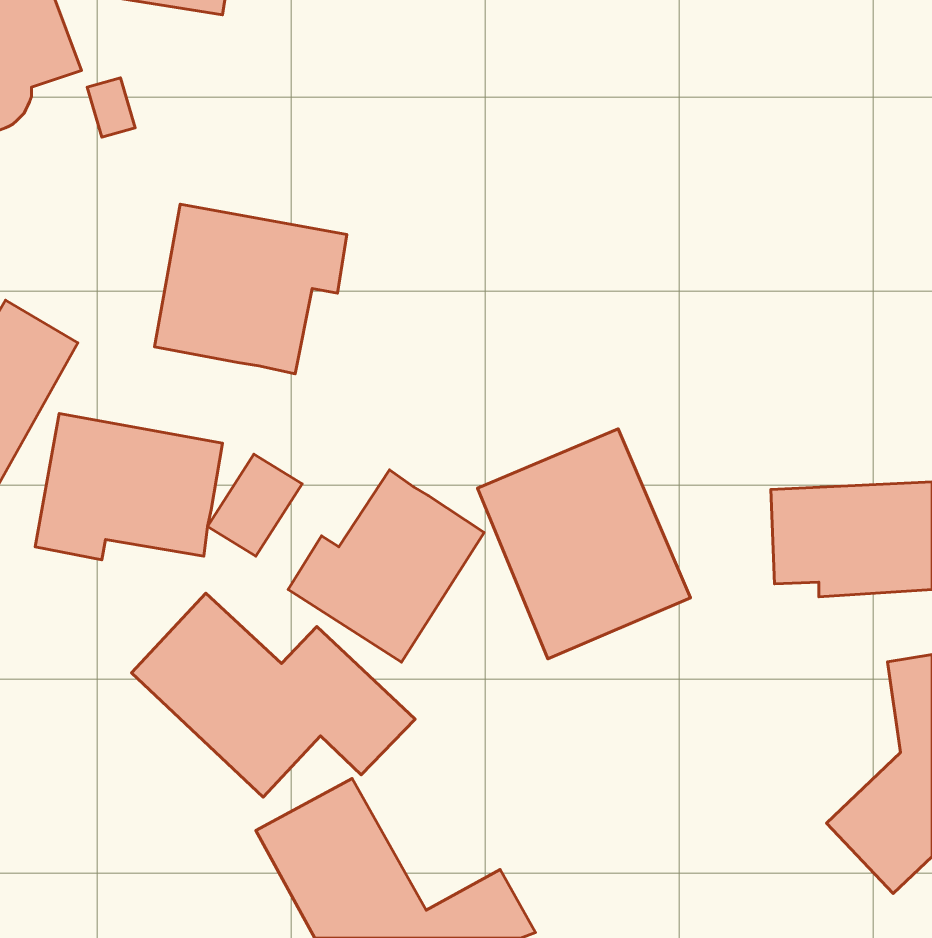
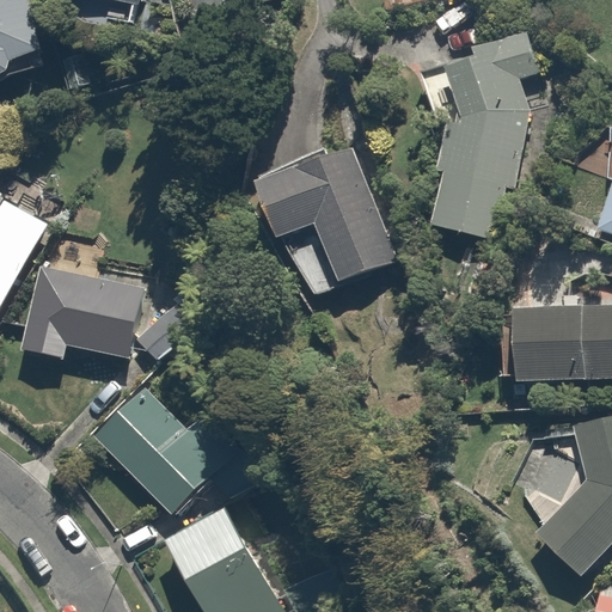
building: none -> [426,39,539,241]
building: [155,204,347,374] -> none
building: [477,429,690,659] -> [264,143,402,292]
building: [288,470,484,662] -> none

